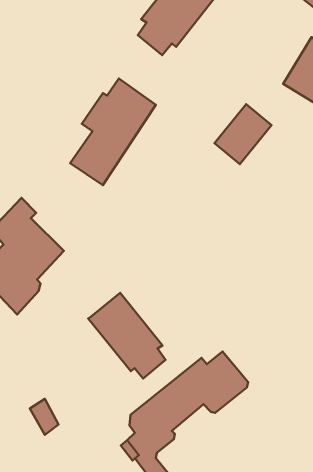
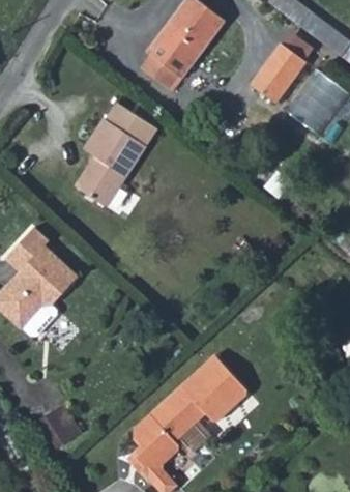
building: [214,104,272,164] -> [252,39,308,98]
building: [88,293,165,378] -> none

